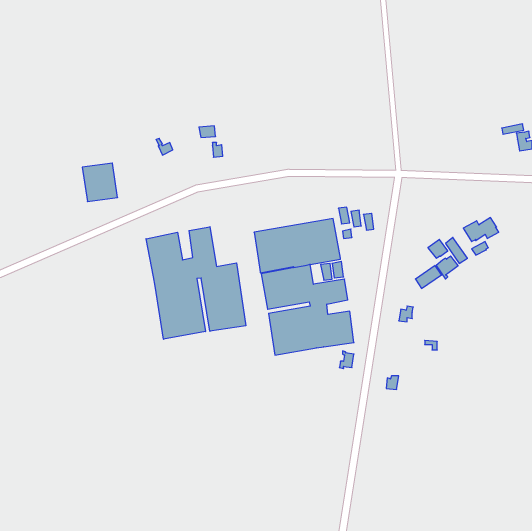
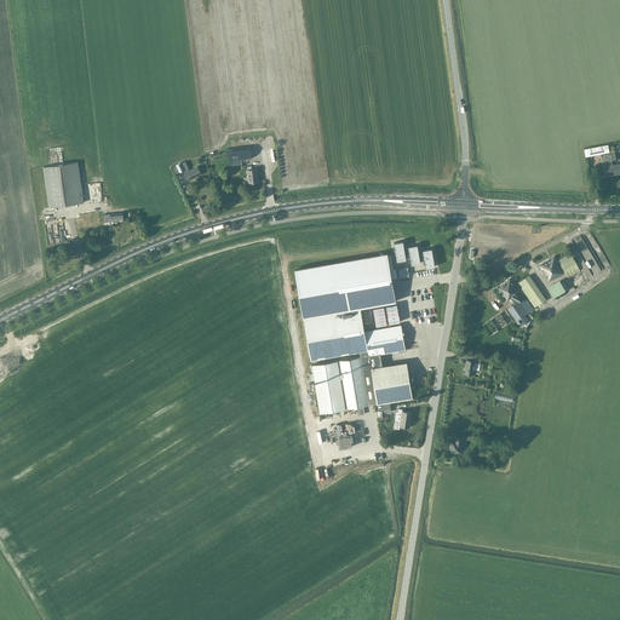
building: [82,163,118,202] -> [42,163,84,208]
building: [146,227,246,339] -> none

